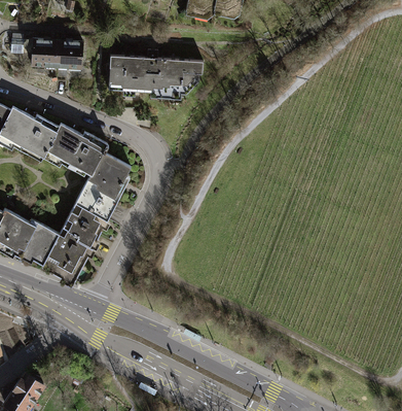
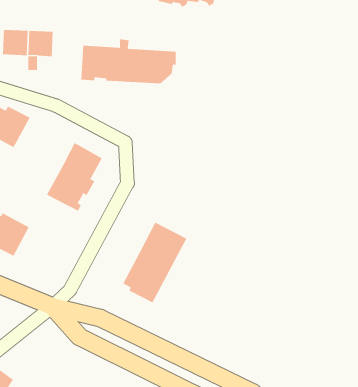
building: [45,125,109,173] -> none
building: [43,203,107,283] -> [122,222,187,303]

